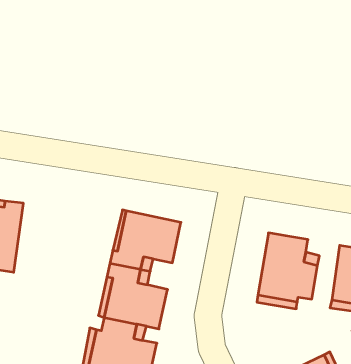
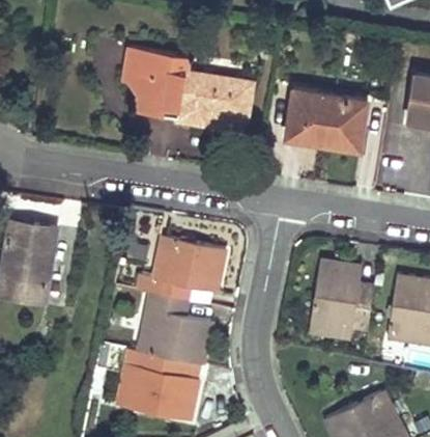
building: none -> [124,47,253,125]
building: none -> [286,88,368,145]

